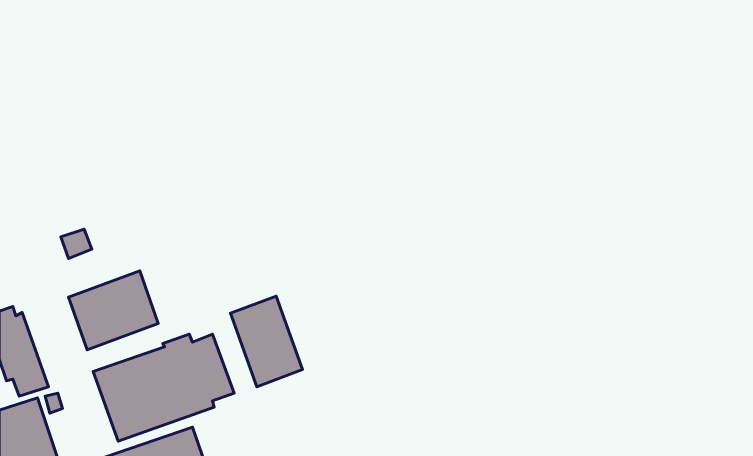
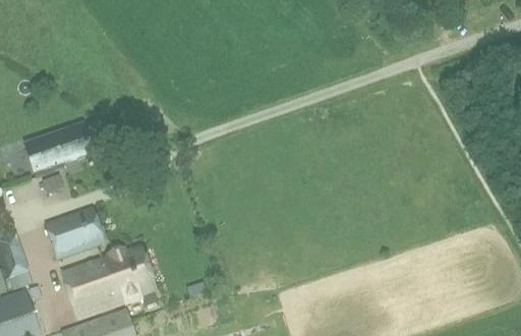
building: none -> [24,121,95,175]
building: [231,296,302,387] -> none

